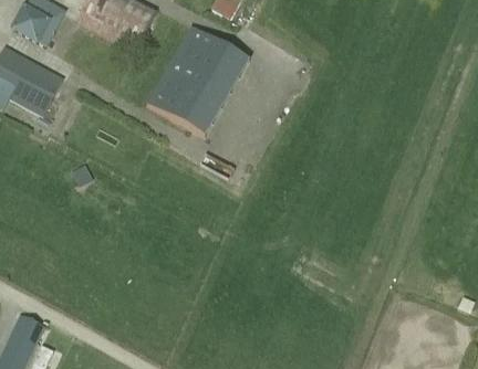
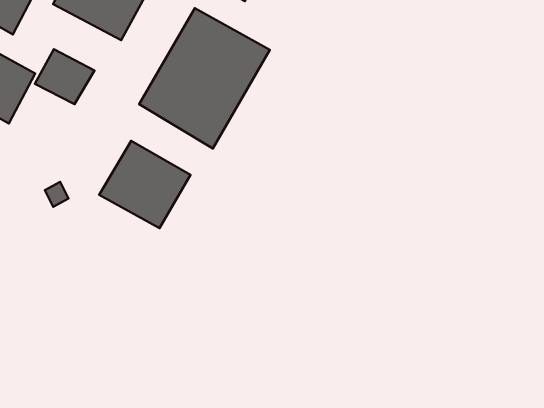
building: none -> [35,49,94,104]
building: none -> [99,141,190,228]

